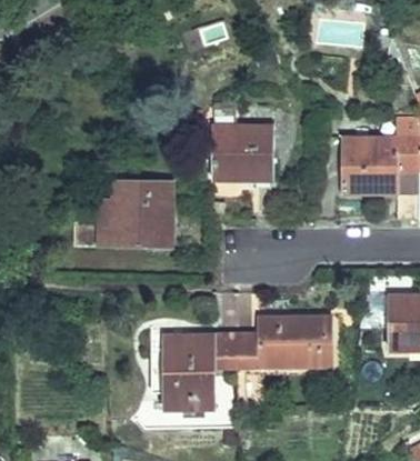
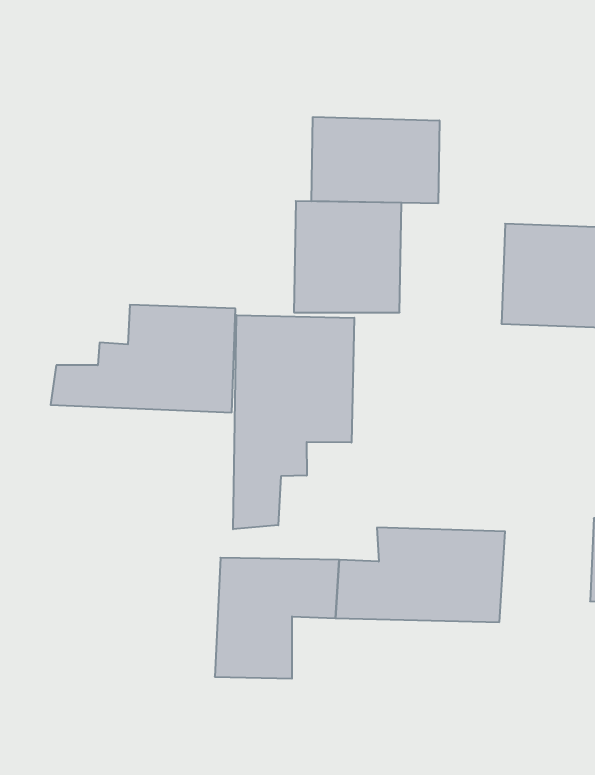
building: none -> [312,117,439,203]
building: none -> [233,315,354,529]

